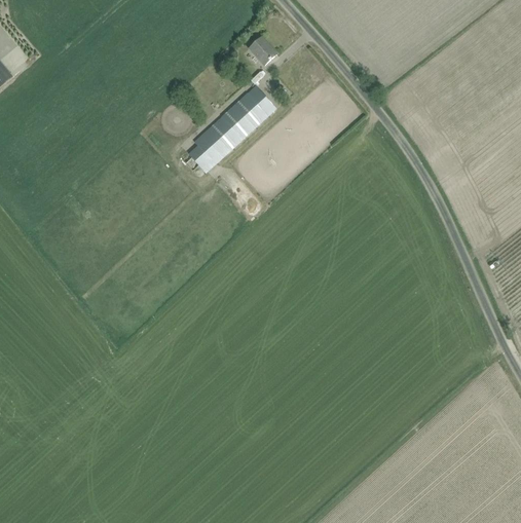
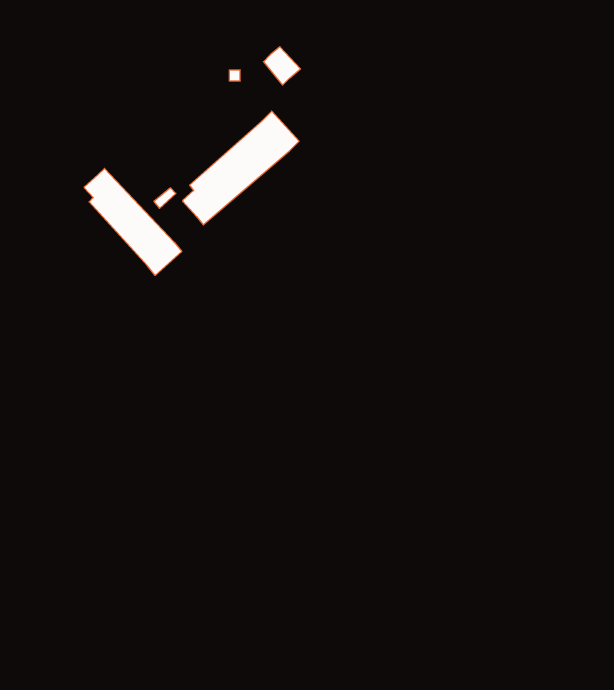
building: none -> [84,168,182,275]

